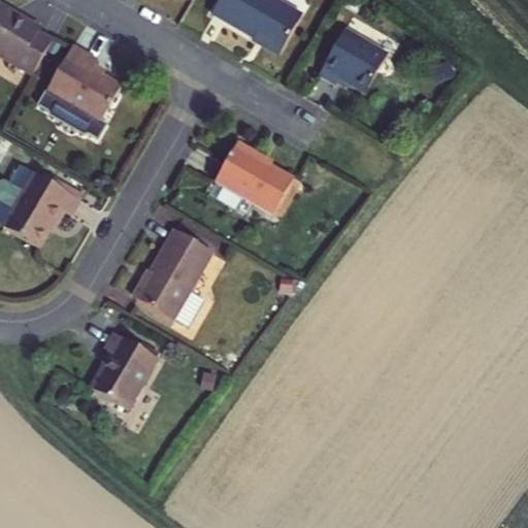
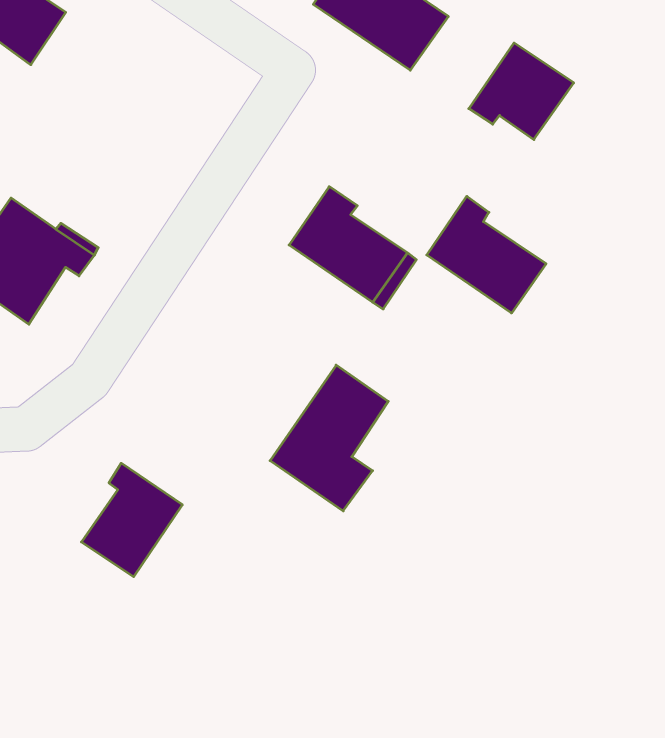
building: [39,40,121,132] -> none
building: none -> [427,196,546,313]
building: [131,229,206,325] -> [270,365,388,511]

